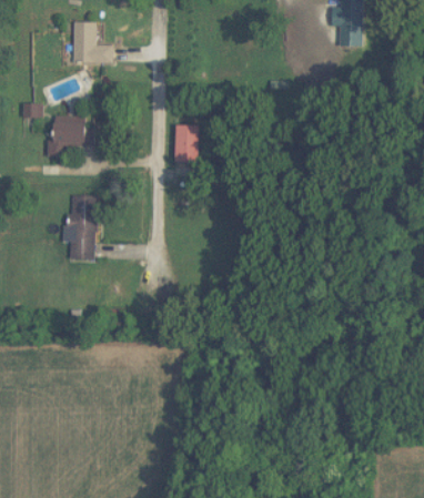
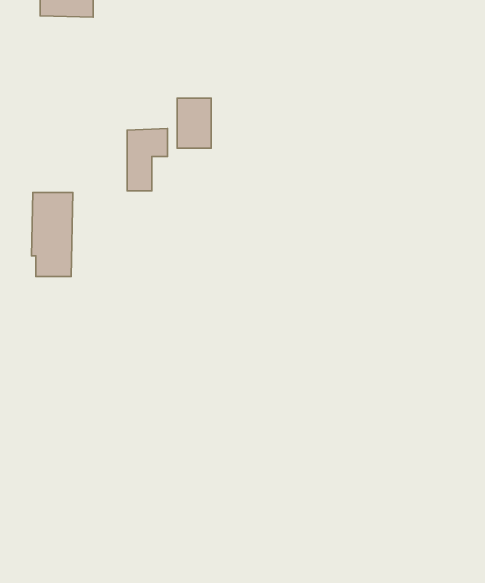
building: [51,121,92,146] -> none
building: none -> [127,129,167,191]

